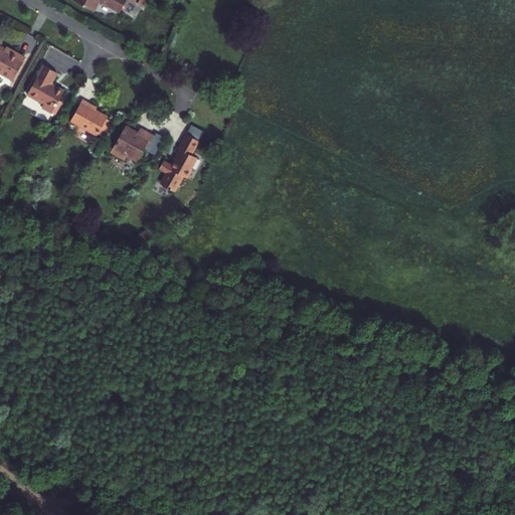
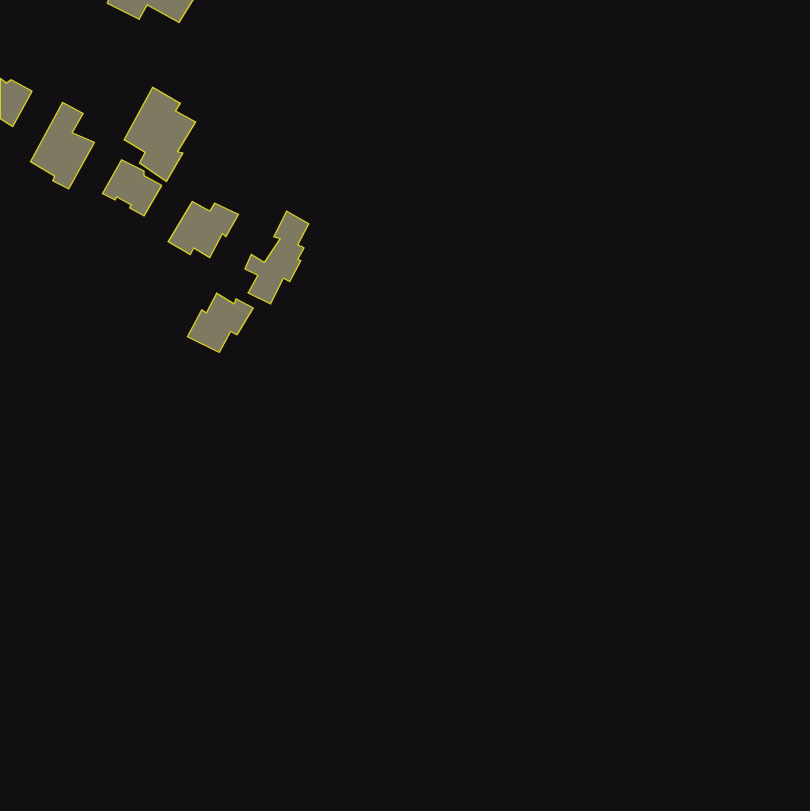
building: none -> [124,87,196,182]
building: none -> [187,293,253,352]

